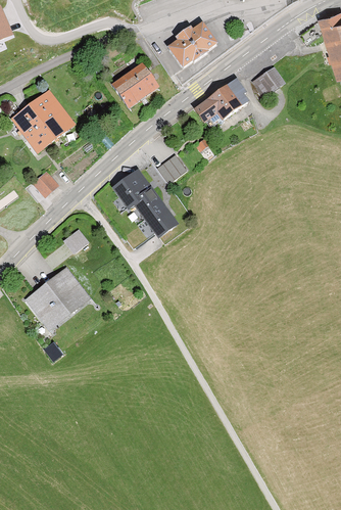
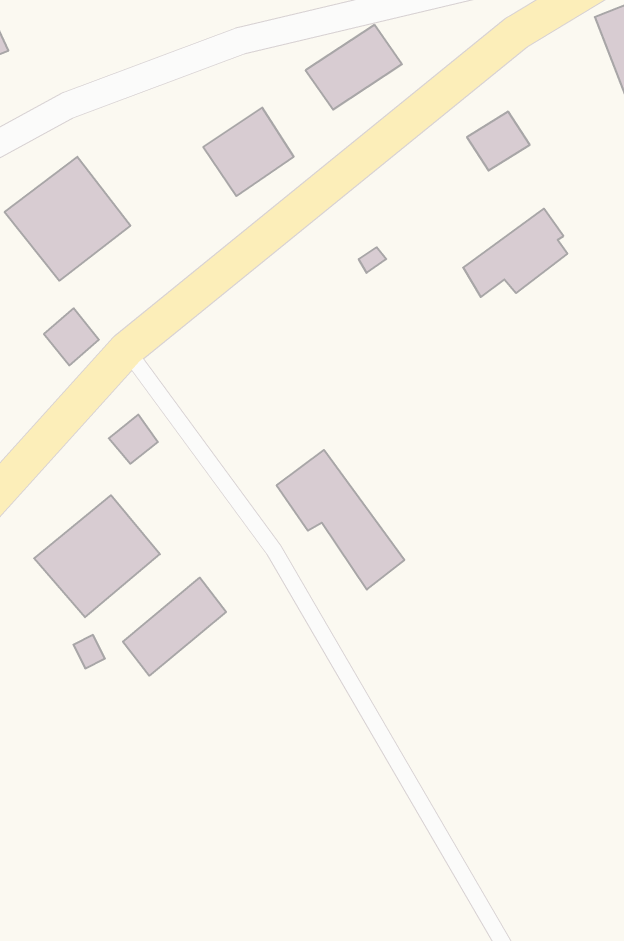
building: [193,78,247,124] -> [463,209,567,297]
building: [155,152,186,181] -> none
building: [110,169,177,241] -> [277,450,404,590]
building: none -> [123,578,226,676]

